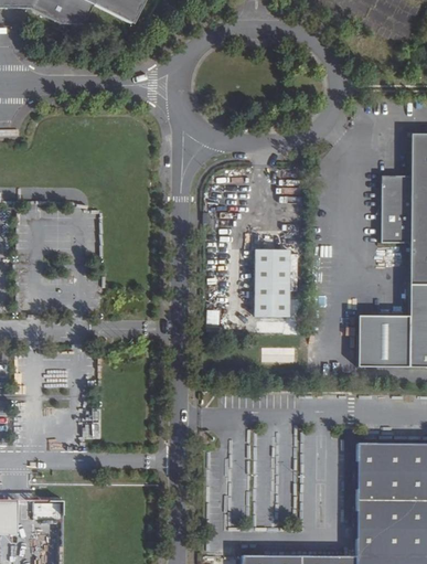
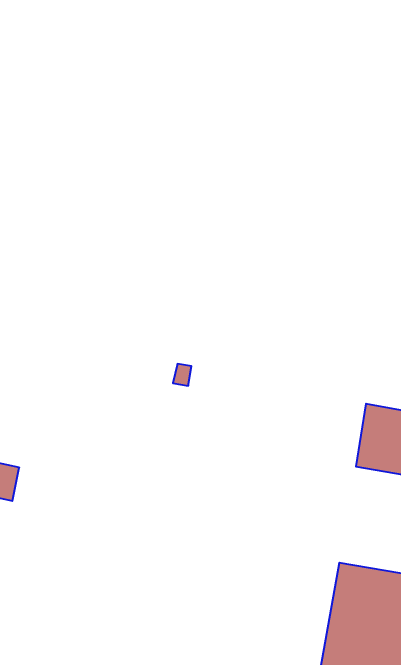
building: [254,248,289,316] -> none

